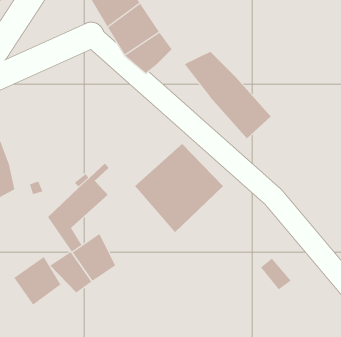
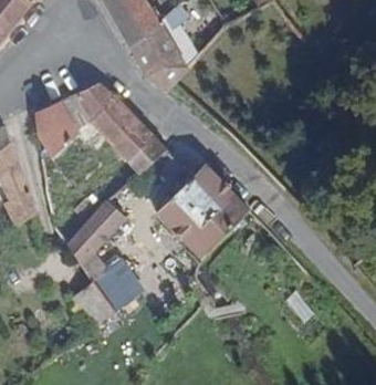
building: [184,51,272,139] -> [74,81,165,171]
building: none -> [38,100,82,159]
building: [14,256,61,306] -> none

